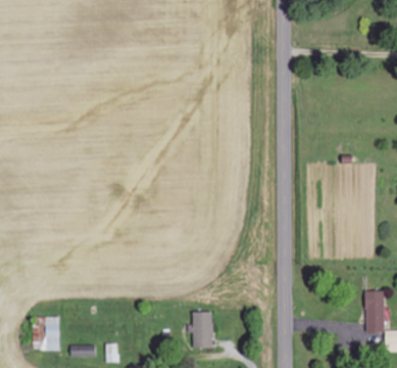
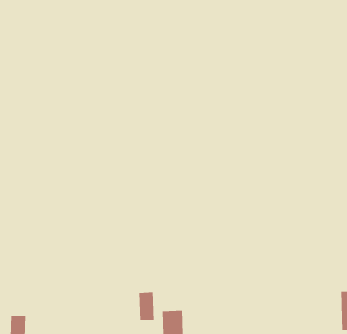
building: none -> [139,291,154,321]

